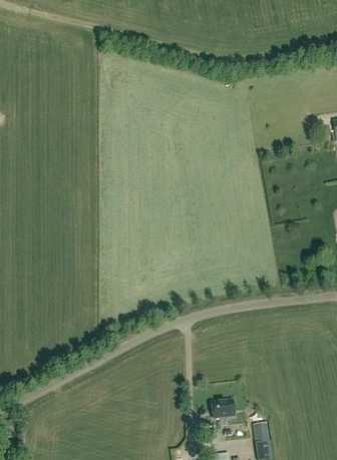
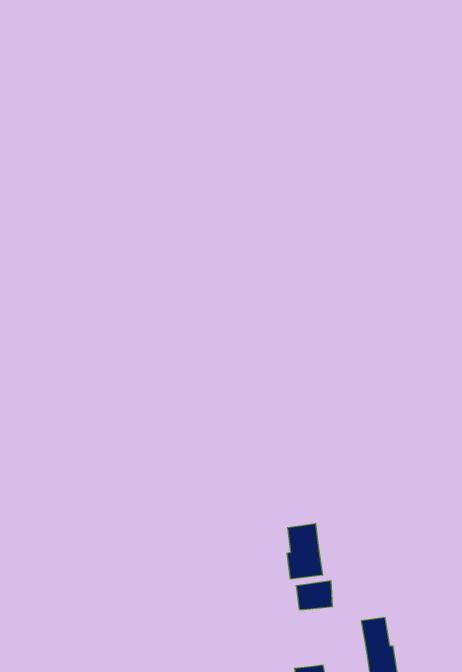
building: none -> [287,523,322,579]

